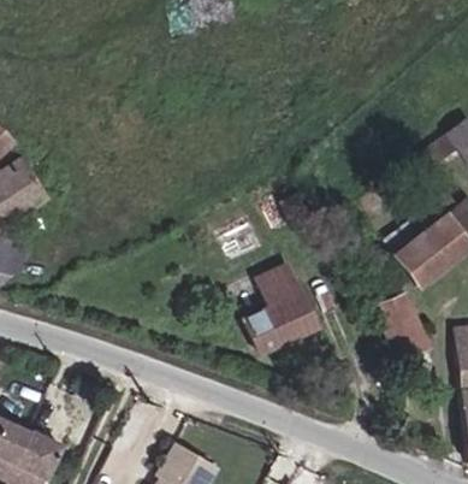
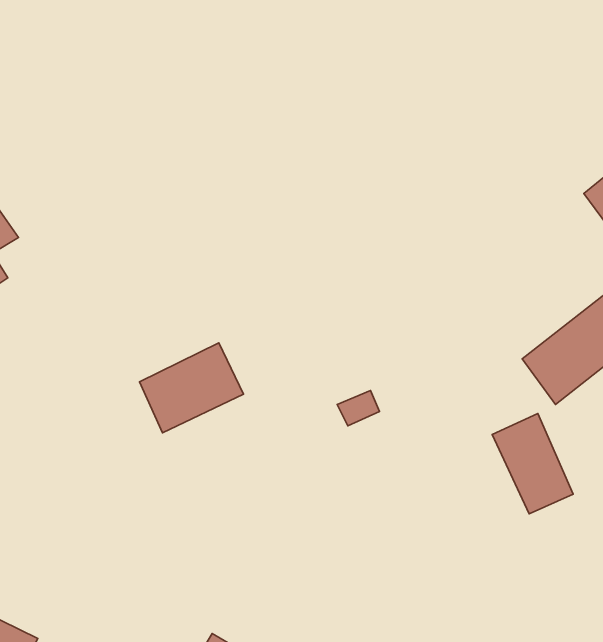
building: [245,293,316,354] -> [139,343,243,433]

